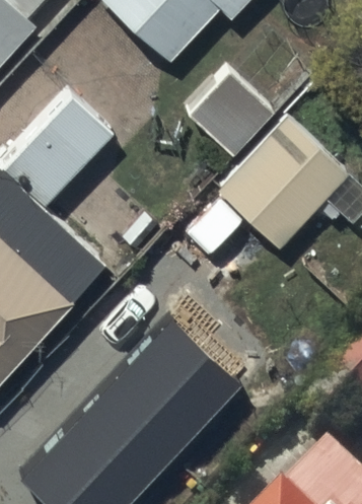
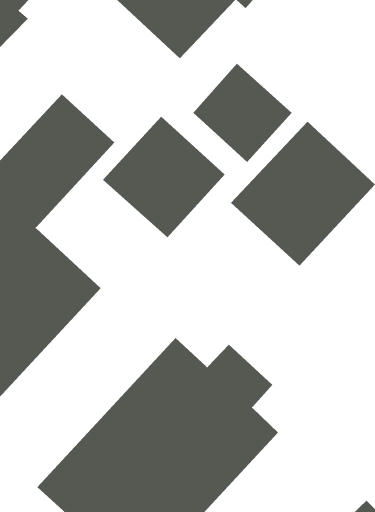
building: none -> [102,116,226,238]

